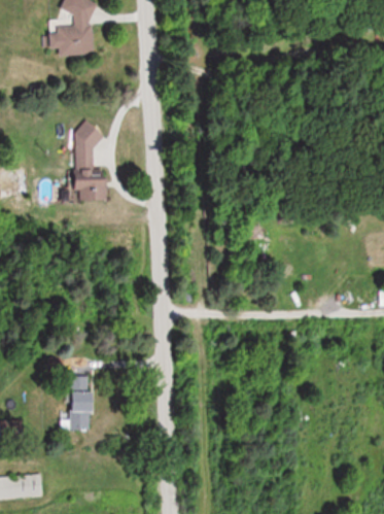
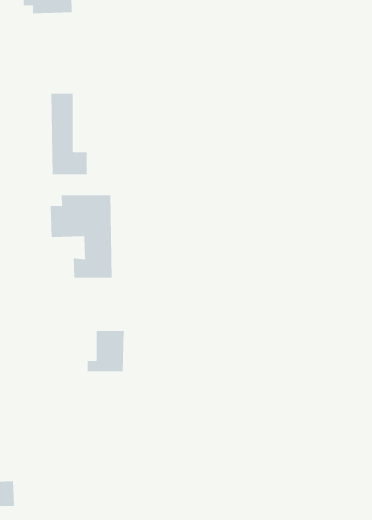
building: none -> [50,195,112,278]
building: [60,391,94,429] -> [87,330,125,372]

